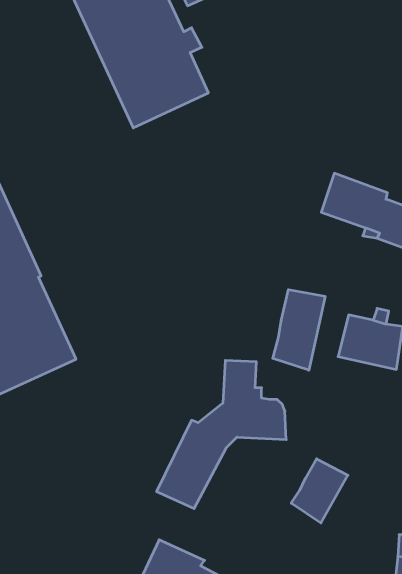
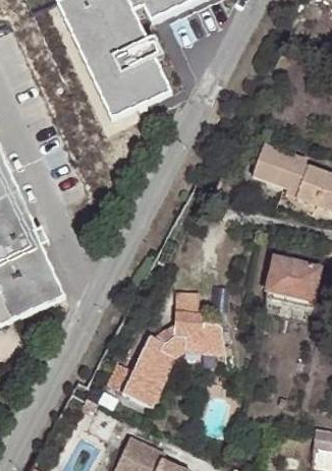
building: [273,290,325,370] -> none
building: [291,459,348,523] -> none

